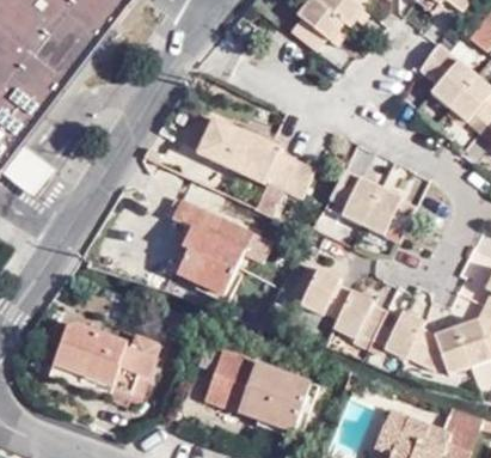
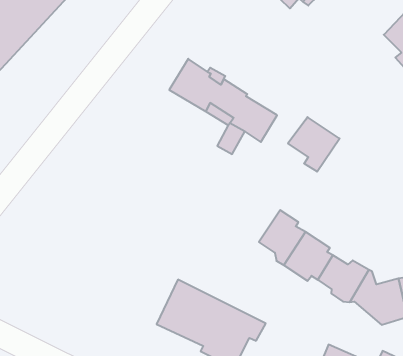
building: [357,184,412,236] -> none
building: [174,197,252,291] -> none
building: [55,315,162,404] -> none

